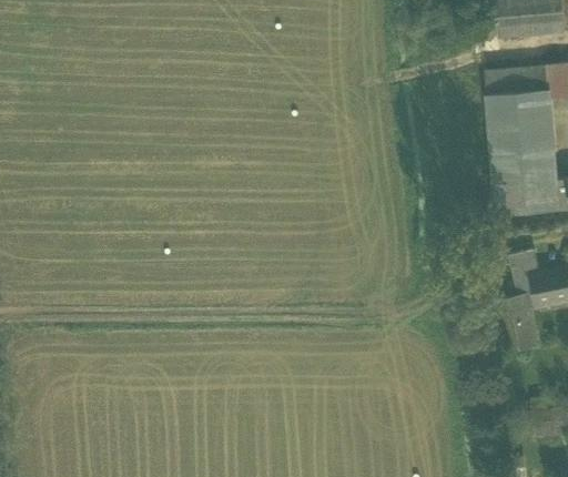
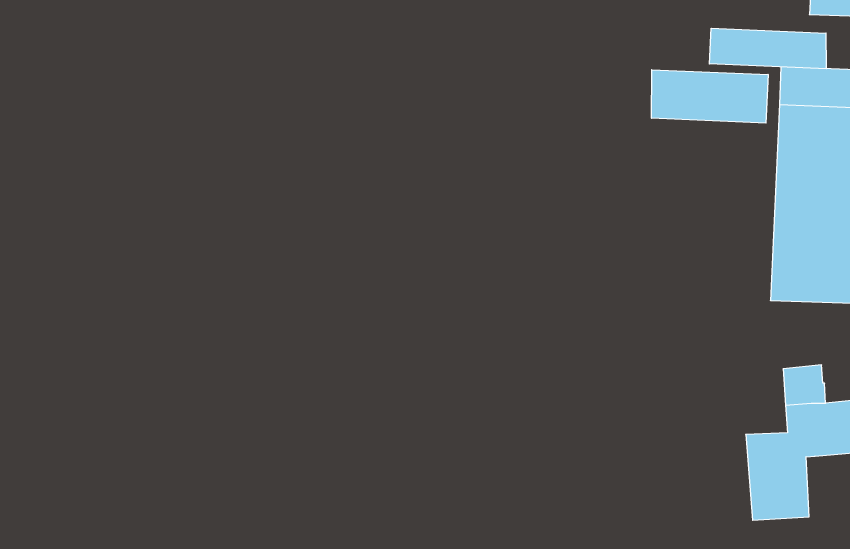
building: none -> [709,28,826,69]
building: none -> [652,70,768,123]

